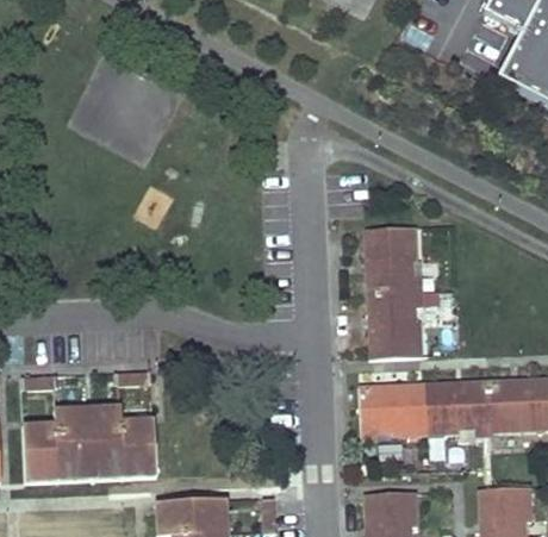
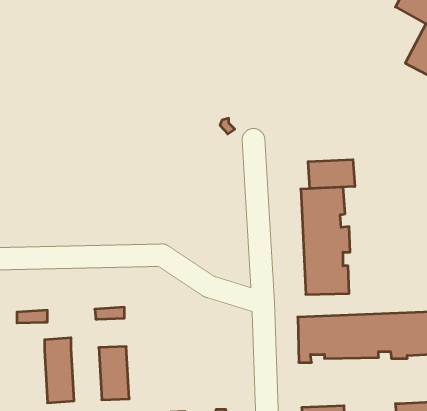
building: none -> [308,160,355,189]
building: [87,408,124,486] -> none
building: [24,425,58,489] -> none

